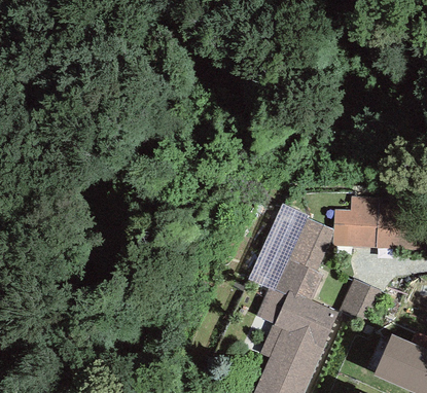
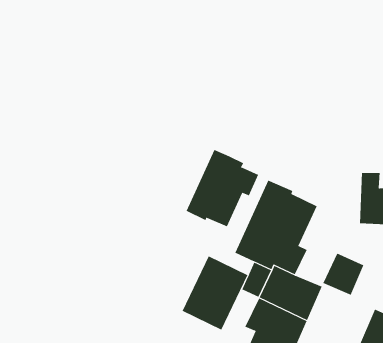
building: none -> [186,149,259,227]
building: [333,195,378,248] -> none
building: none -> [182,255,248,330]

